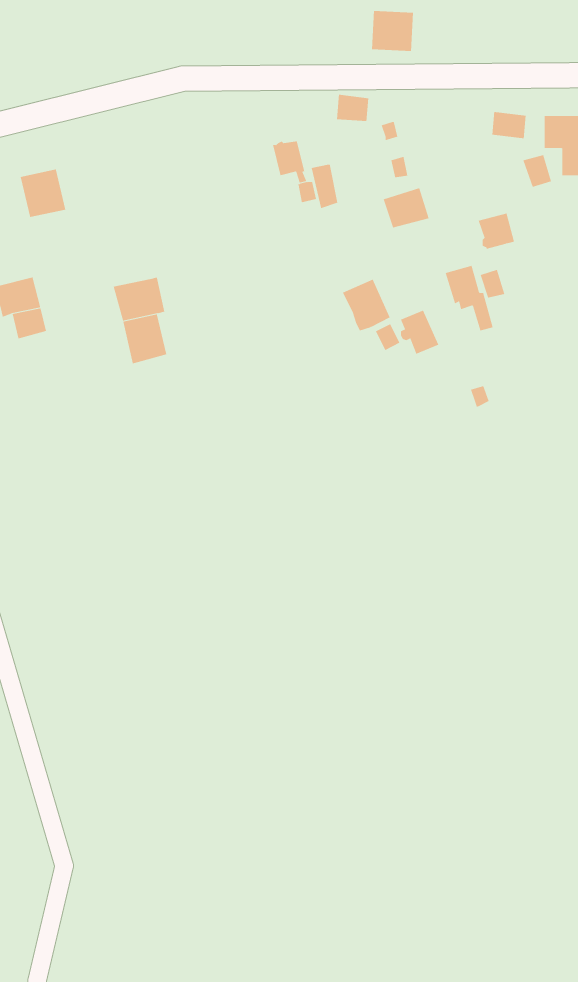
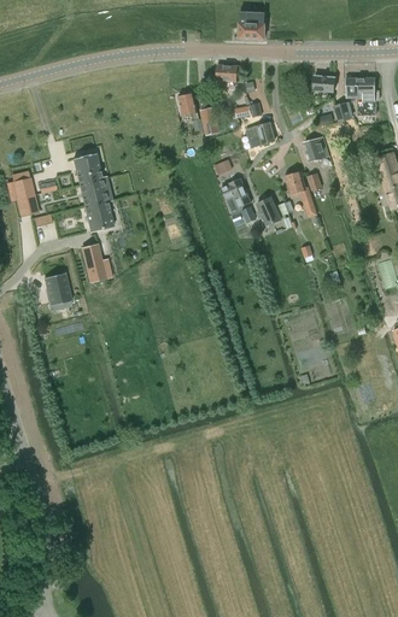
building: [20,169,66,218] -> [72,153,101,183]
building: none -> [81,243,106,282]
building: none -> [43,272,71,305]

